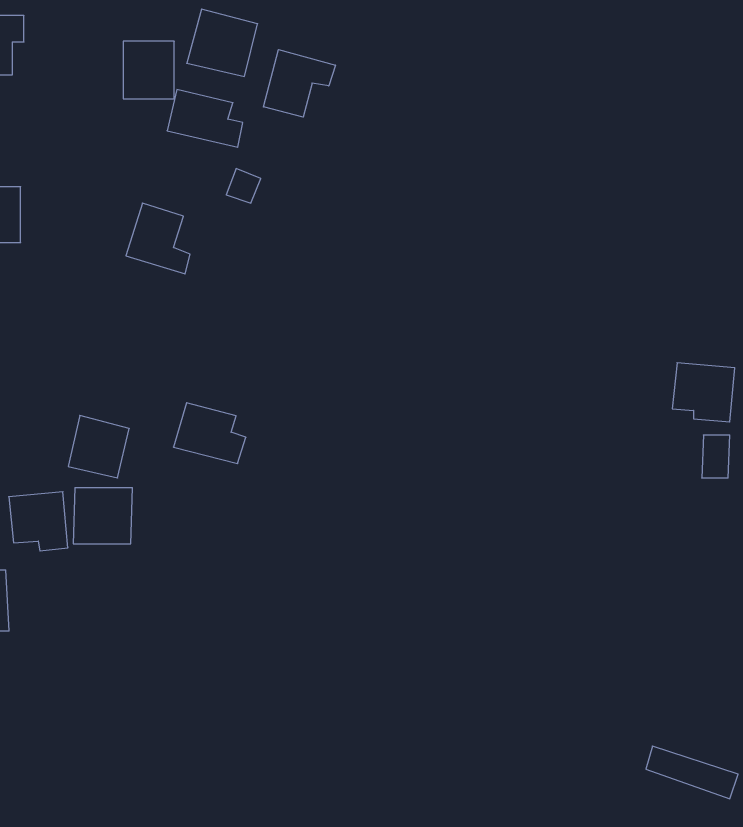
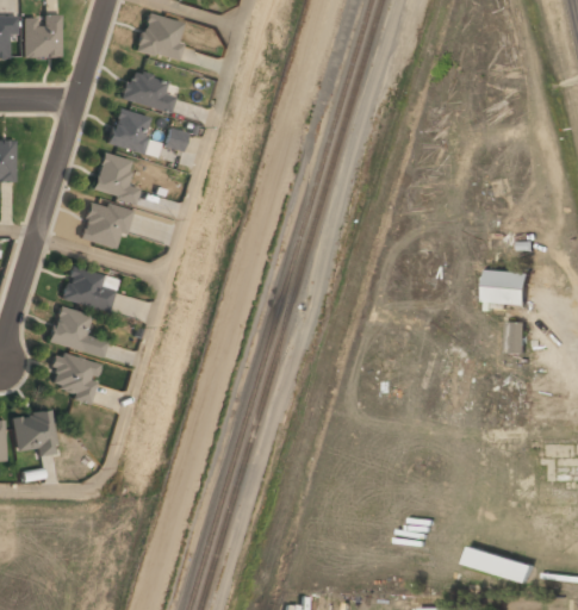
building: [123,41,174,99] -> [24,15,61,57]
building: [263,50,335,117] -> none
building: none -> [107,107,154,152]
building: none -> [80,200,131,250]
building: [173,403,246,464] -> [61,267,113,311]
building: [9,492,68,551] -> [13,412,56,455]

